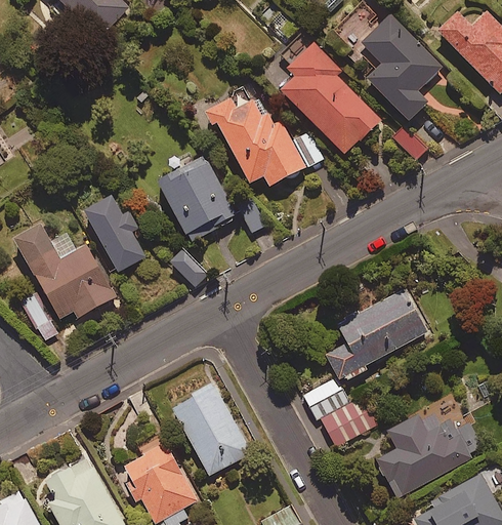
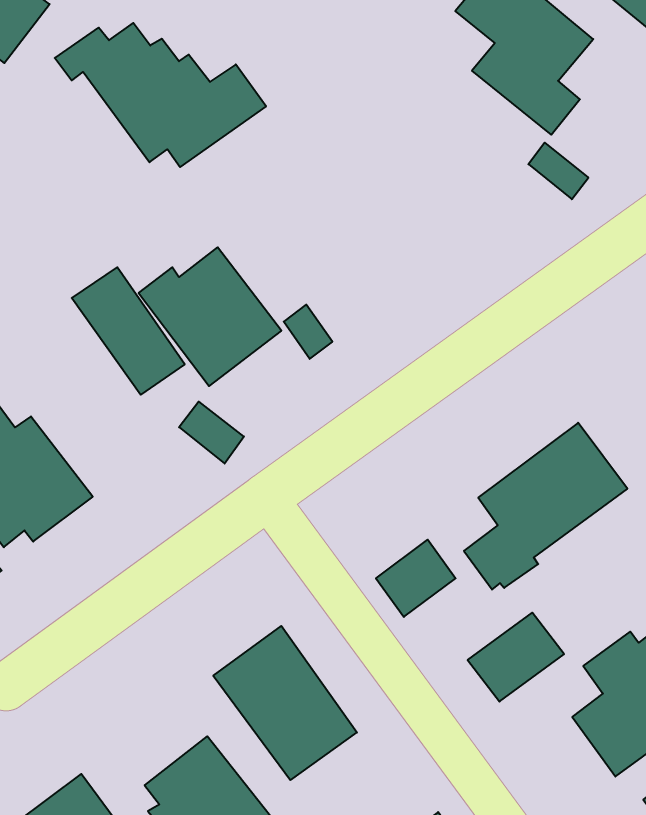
building: [281,42,380,154] -> none
building: [204,98,323,186] -> [55,23,266,167]
building: [84,195,144,271] -> [72,267,185,395]
building: [302,375,348,418] -> [376,540,456,617]

